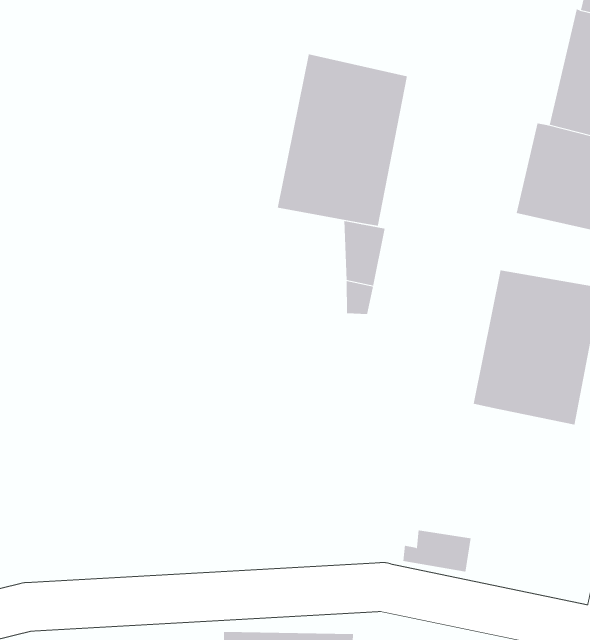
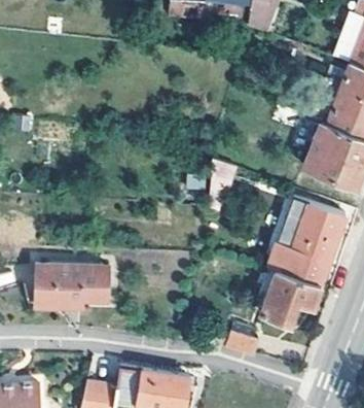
building: [277,54,407,227] -> none
building: none -> [260,269,321,324]
building: none -> [33,265,108,307]

